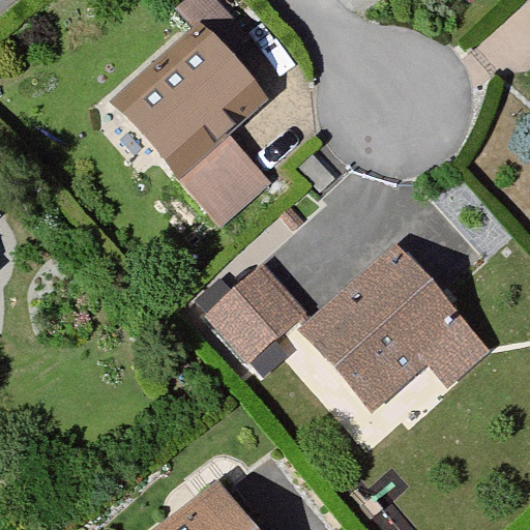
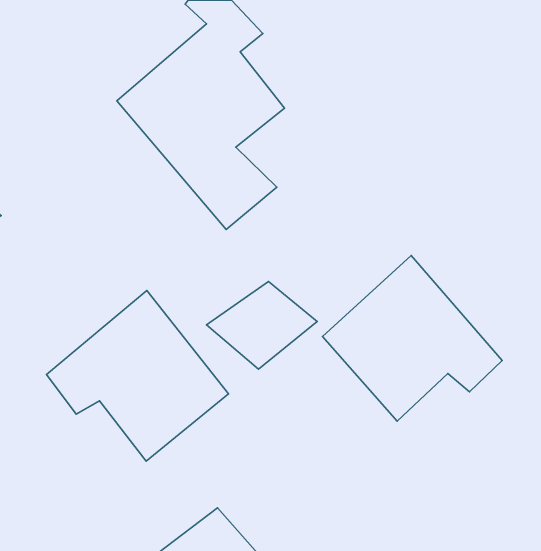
building: none -> [46,290,229,461]

